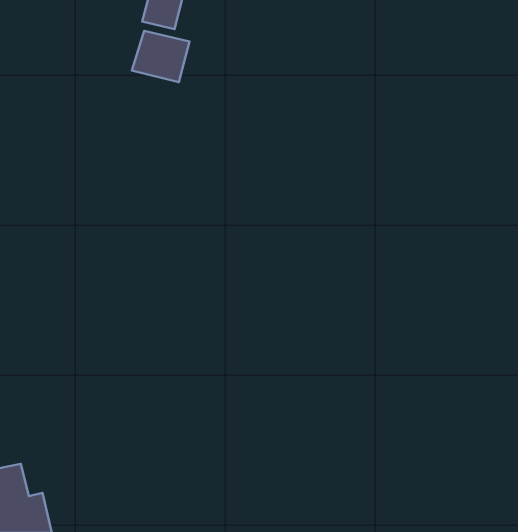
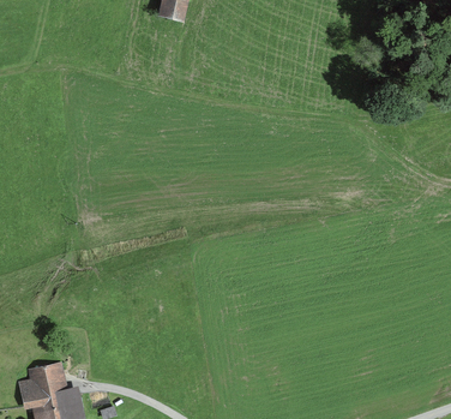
building: [132,31,190,82] -> none

